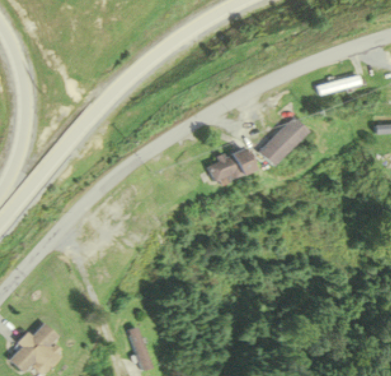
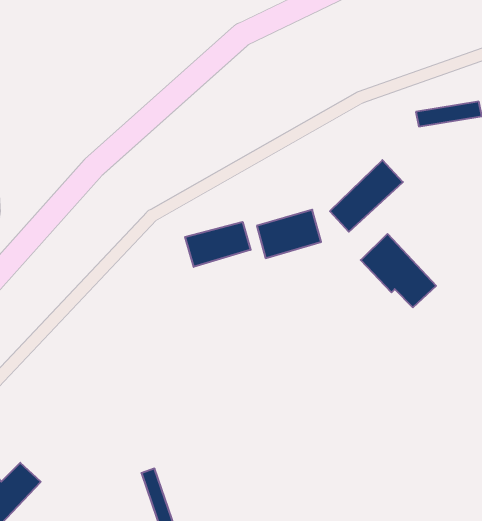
building: none -> [185,222,251,267]
building: none -> [361,234,436,307]

